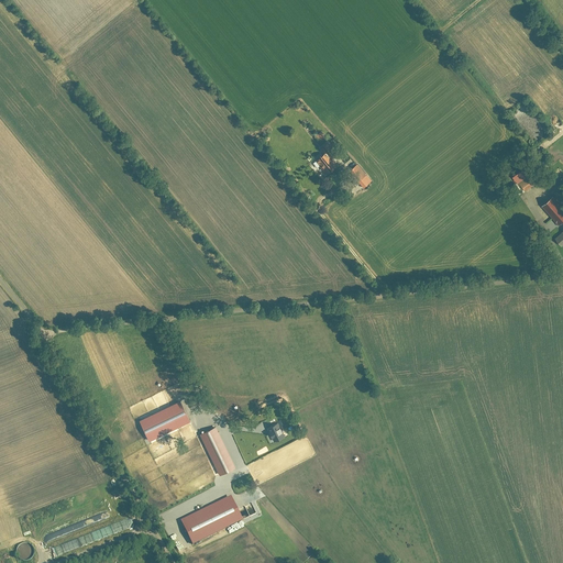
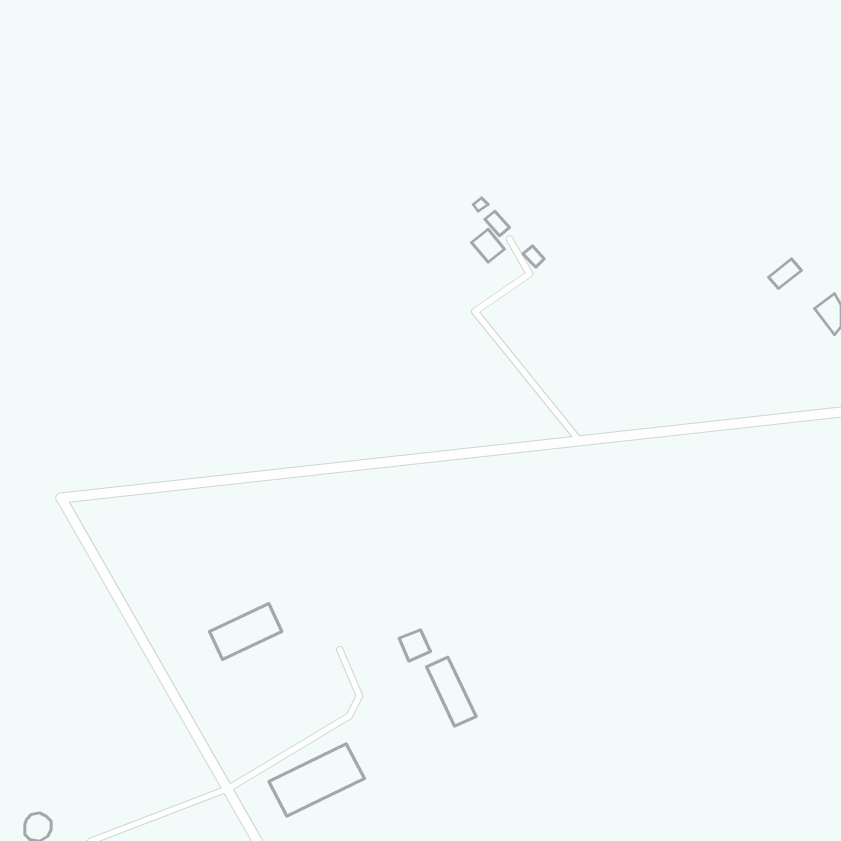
building: [201,427,234,473] -> [427,657,476,726]

